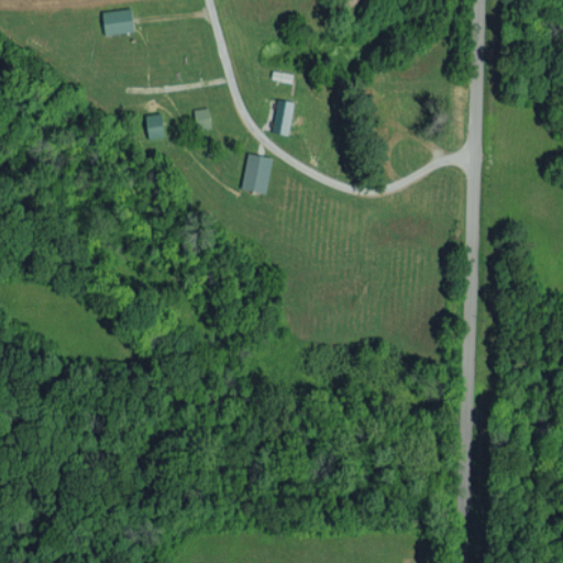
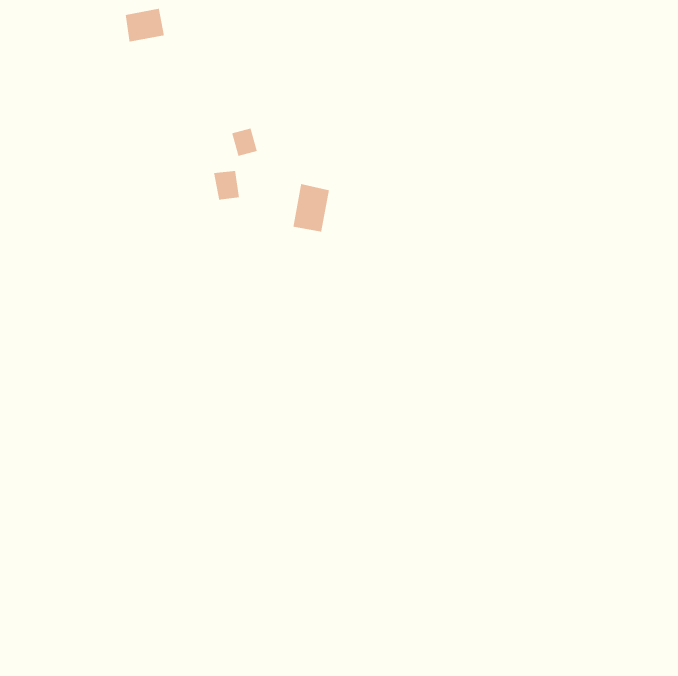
building: [273,101,295,135] -> none
building: [145,114,167,140] -> [213,170,240,201]

